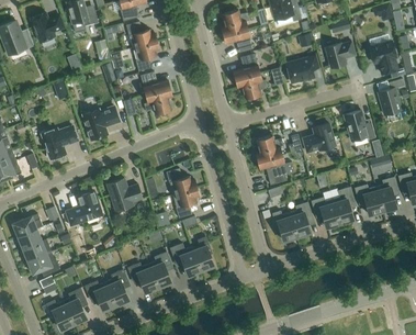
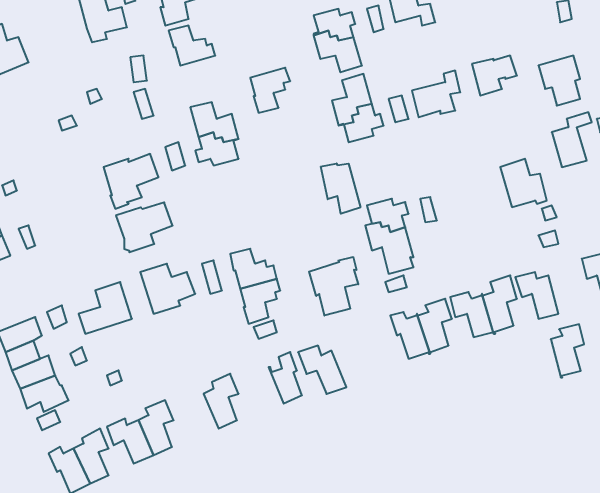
building: [30,13,64,43] -> none
building: [133,42,159,71] -> [250,68,290,113]
building: none -> [321,163,360,214]
building: [302,123,335,152] -> none
building: [41,126,78,159] -> [116,202,173,252]
building: none -> [309,257,358,316]
building: [375,177,397,212] -> [551,324,584,377]
building: [169,244,201,276] -> [298,346,346,394]
building: [127,263,158,293] -> none

